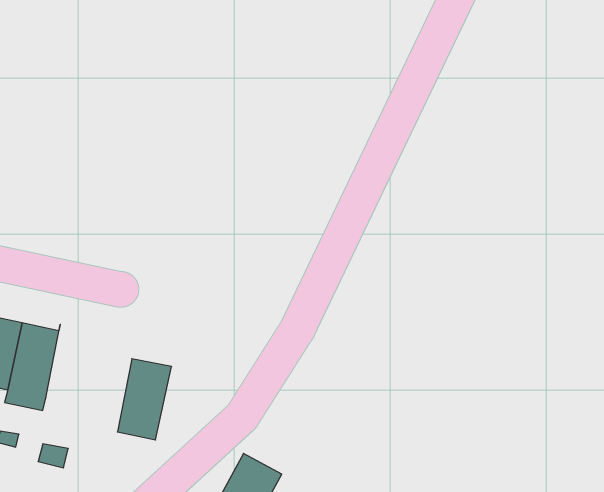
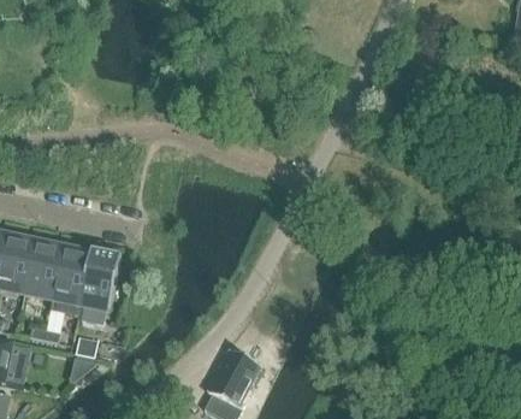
building: [117,359,172,440] -> [82,249,123,311]

